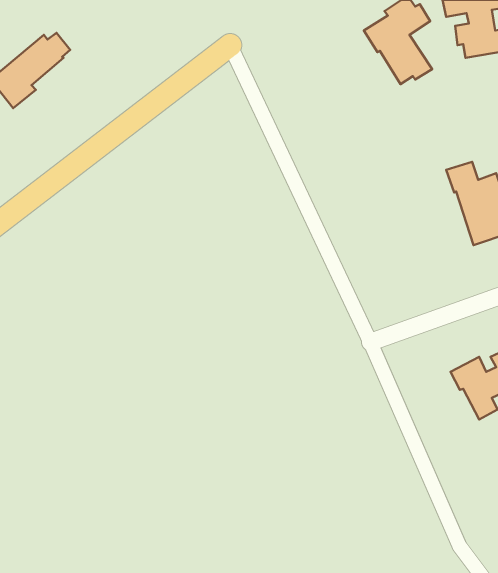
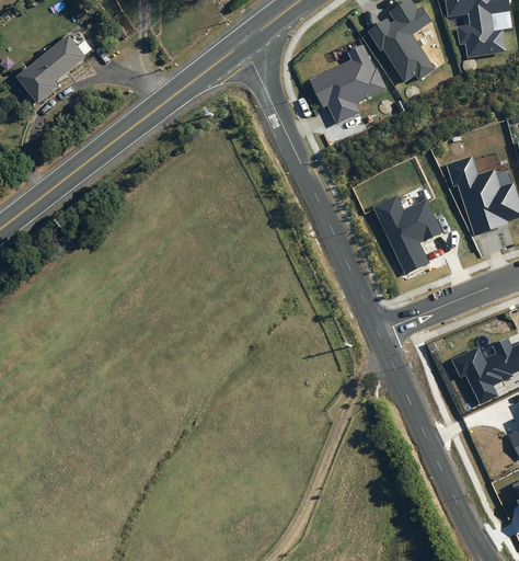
building: none -> [311,44,389,124]
building: none -> [374,195,443,274]

